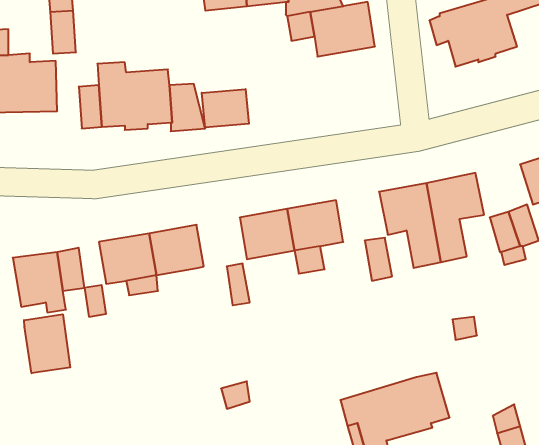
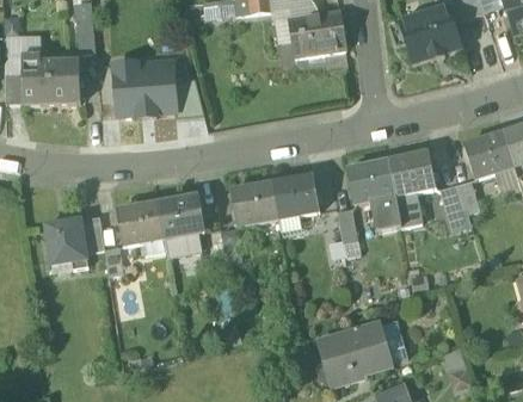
building: [202,89,249,127] -> none
building: none -> [162,230,201,256]
building: [24,314,70,373] -> none

